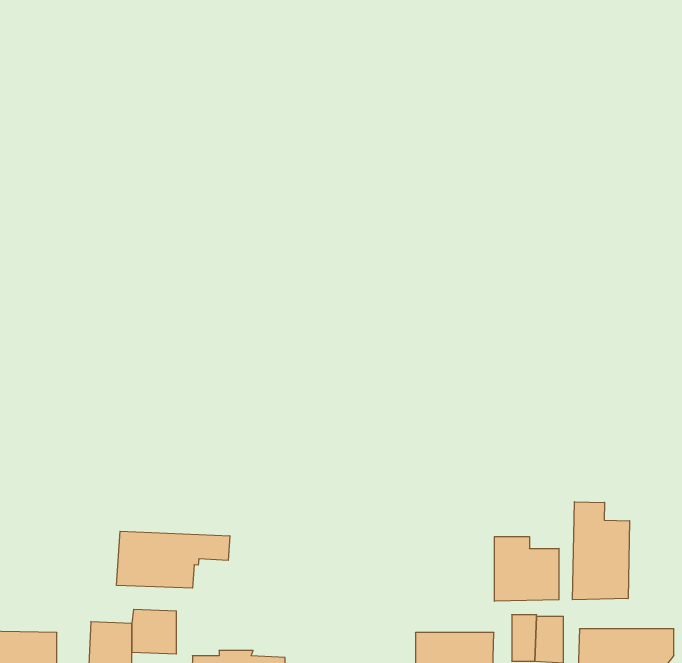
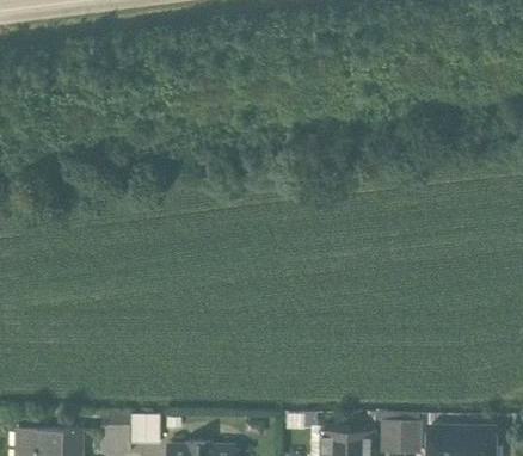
building: [572,502,630,600] -> none
building: [117,531,230,588] -> none
building: [494,537,559,601] -> none

